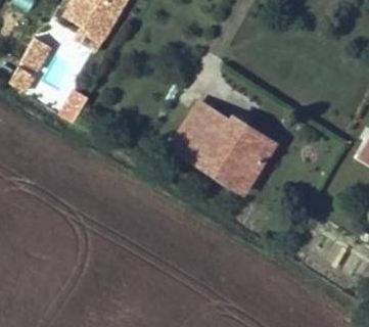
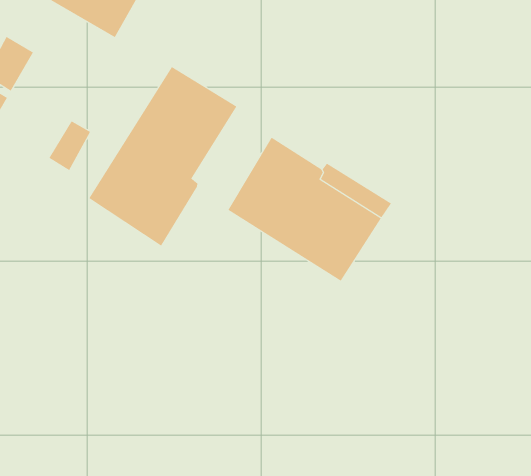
building: none -> [89,66,237,246]

